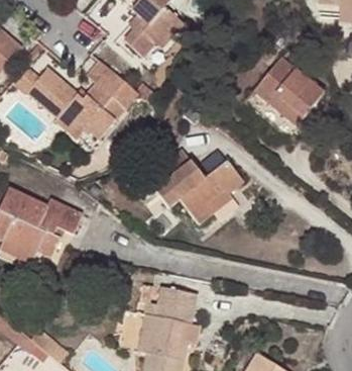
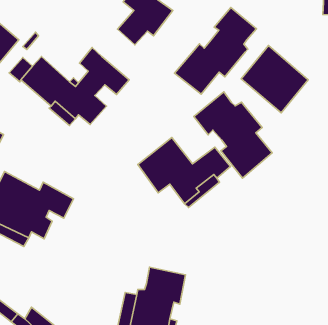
building: none -> [175,8,257,94]
building: none -> [194,92,272,178]

